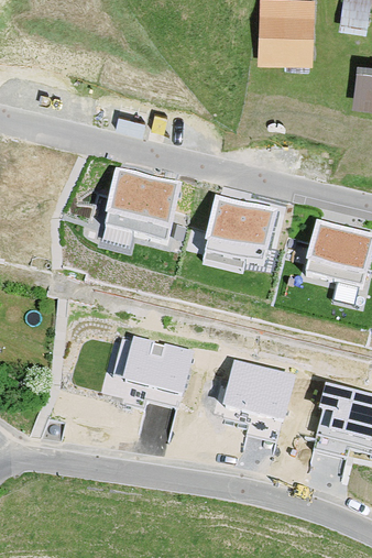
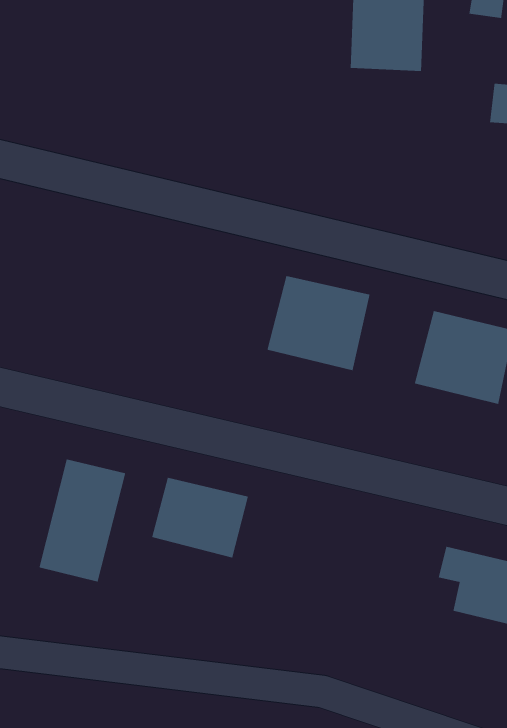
building: [103,175,178,242] -> none
building: none -> [38,458,126,582]
building: [225,362,292,418] -> none

